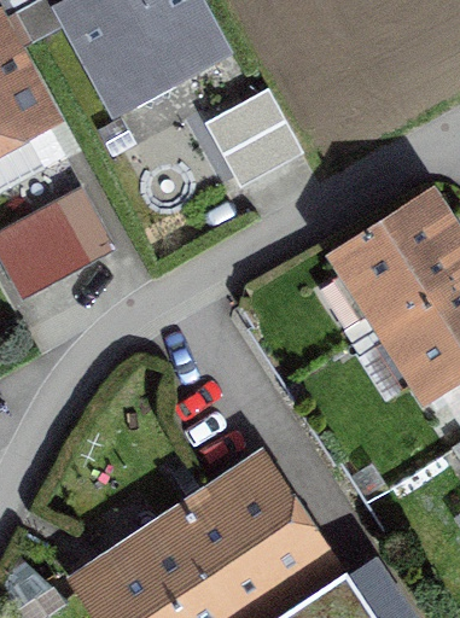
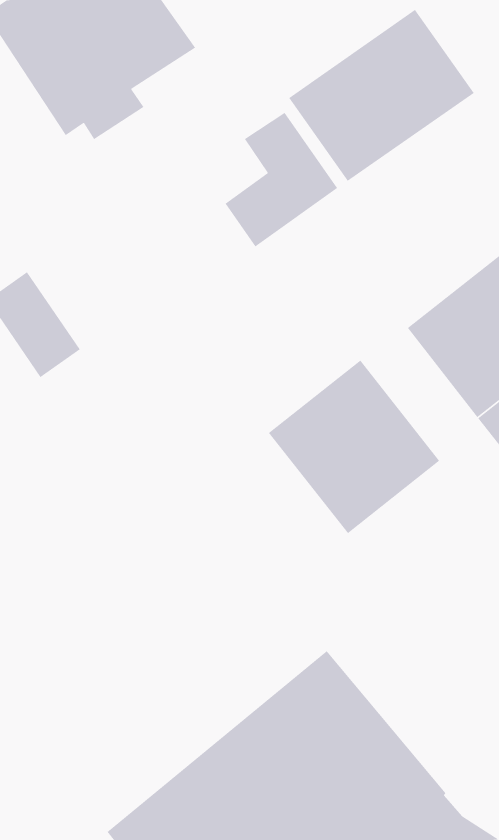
building: none -> [288,9,475,182]
building: none -> [268,359,440,534]

